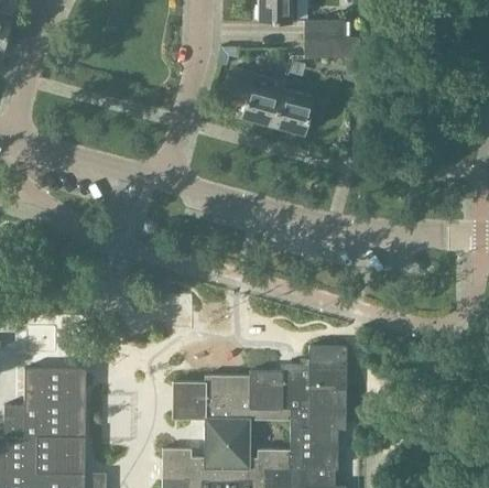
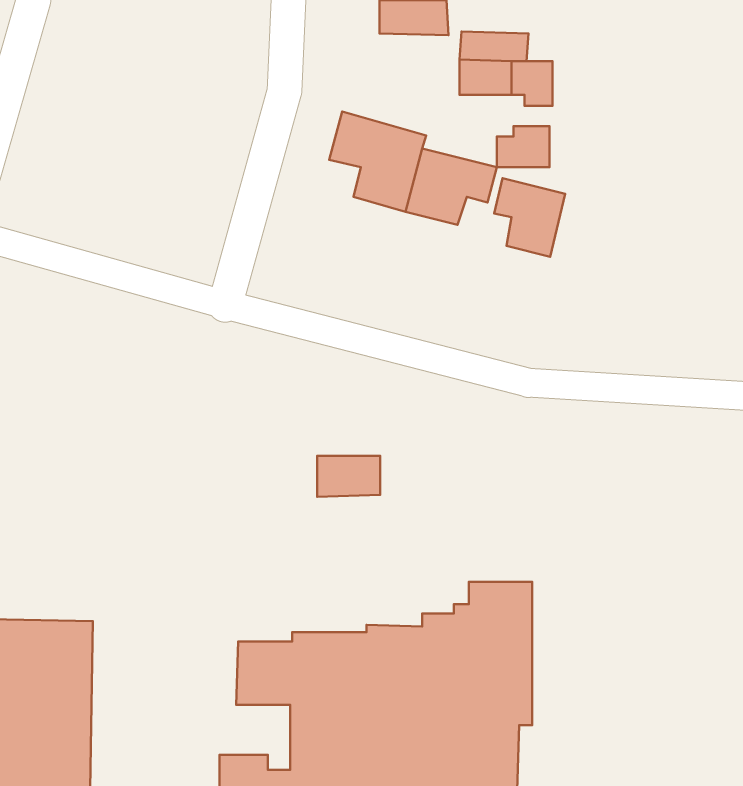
building: none -> [497,126,550,167]
building: none -> [494,178,565,257]
building: none -> [317,456,380,497]

